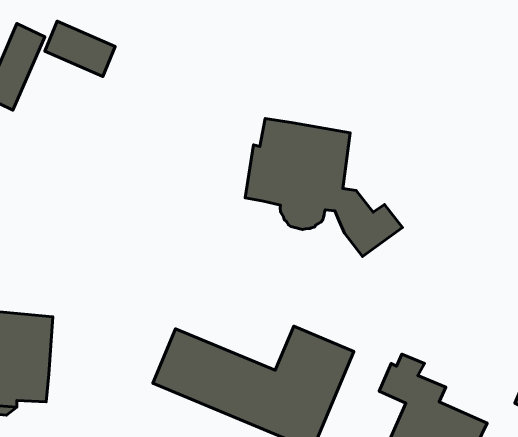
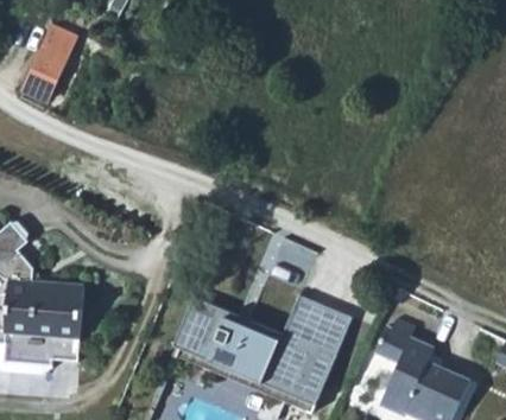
building: [45,21,115,77] -> none
building: [245,118,403,257] -> none

